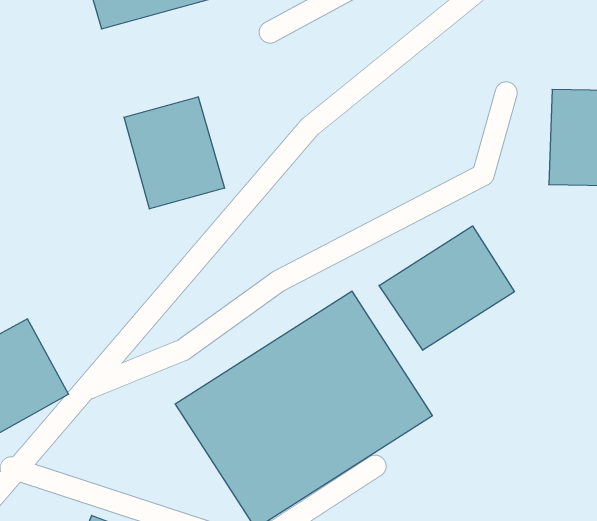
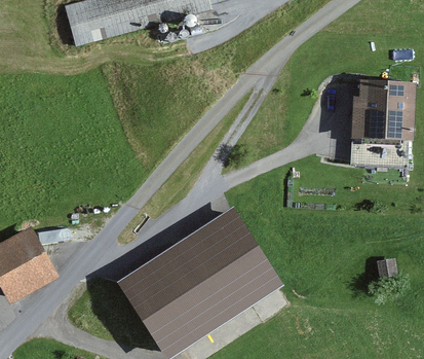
building: [124,97,225,209] -> none
building: [379,226,514,350] -> none

